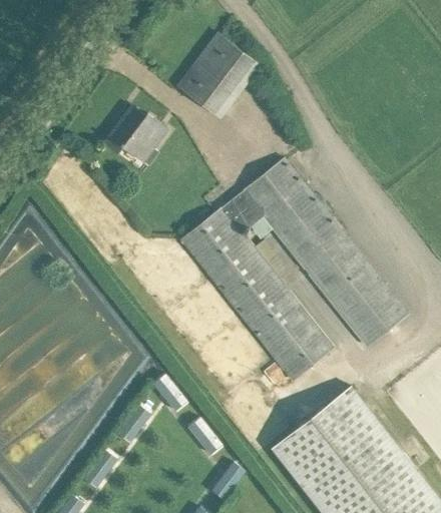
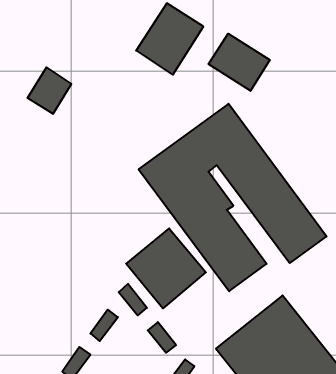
building: none -> [209,34,270,91]
building: [113,109,166,165] -> [27,67,71,114]
building: none -> [126,228,206,308]

